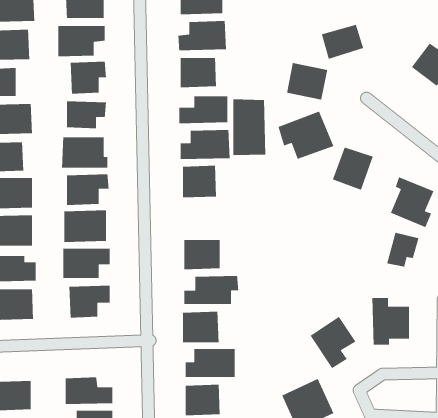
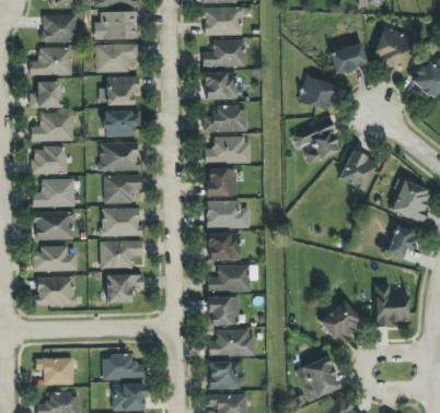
building: none -> [372,26,417,70]
building: [232,99,266,156] -> none
building: none -> [206,200,250,227]

